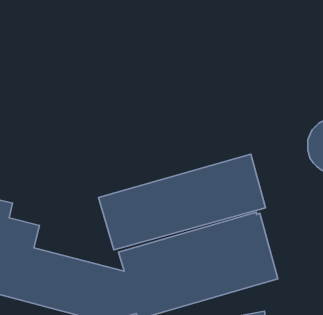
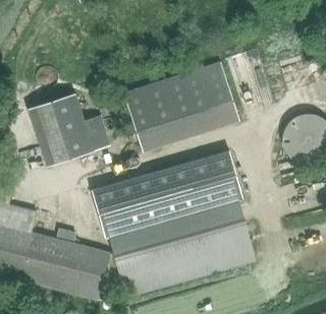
building: none -> [123,63,239,152]
building: none -> [28,93,110,167]

